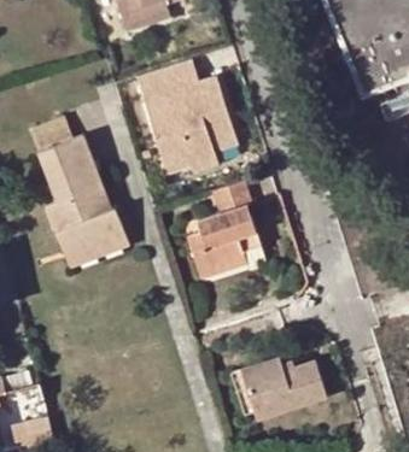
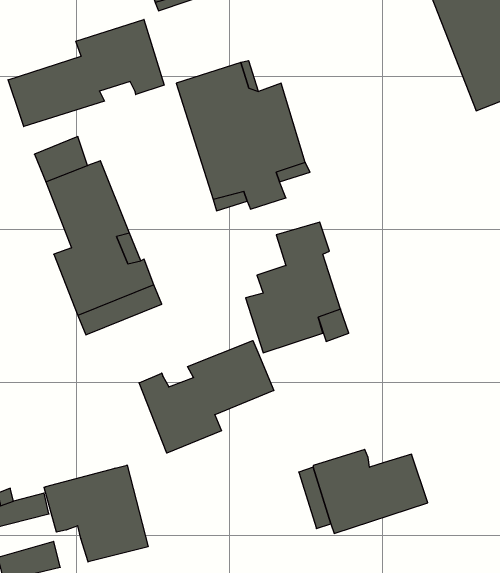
building: none -> [8,19,164,127]
building: none -> [139,341,274,453]
building: none -> [44,465,148,562]

